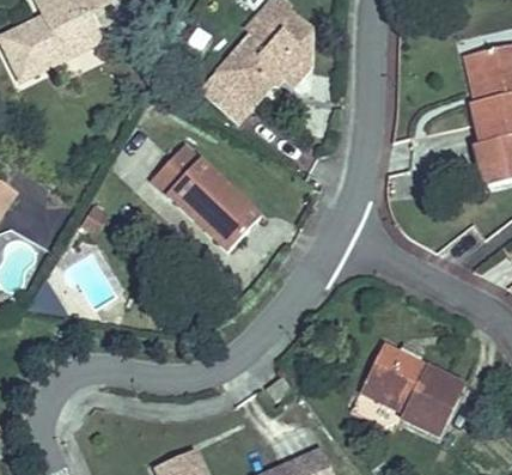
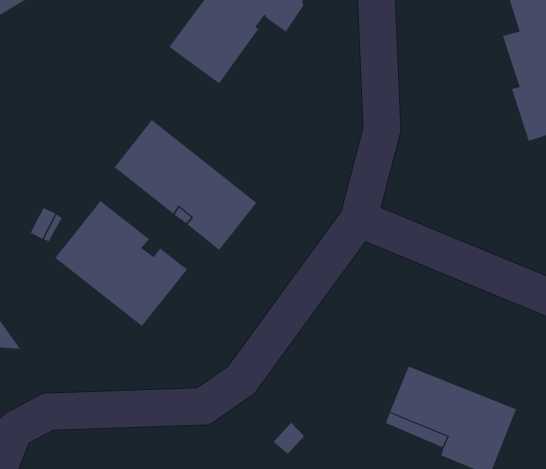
building: none -> [54,200,188,327]

